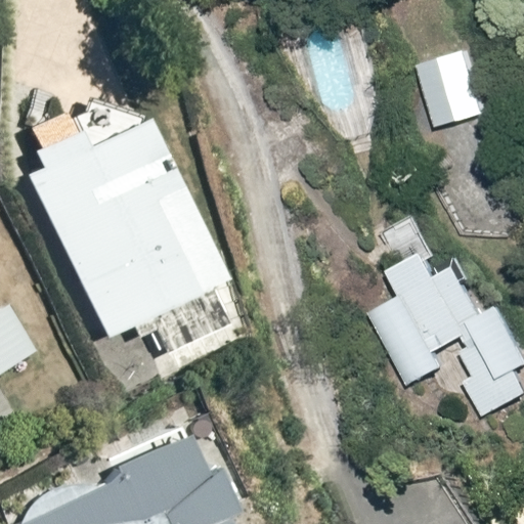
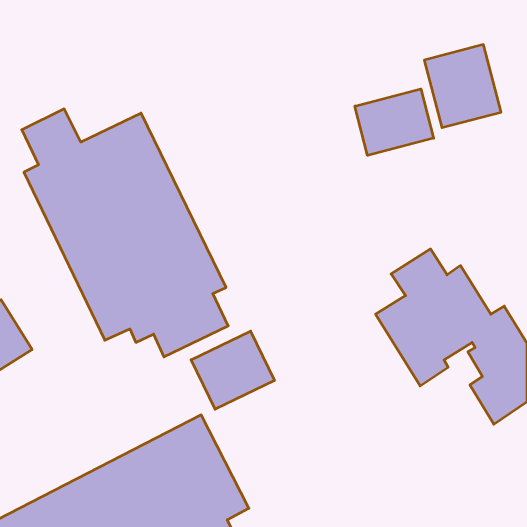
building: none -> [355,89,434,155]
building: none -> [191,331,274,409]

